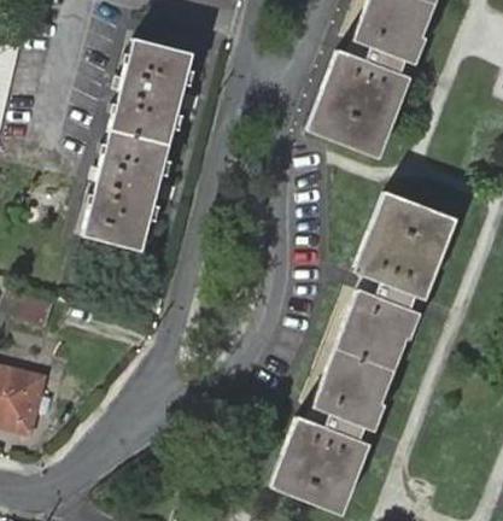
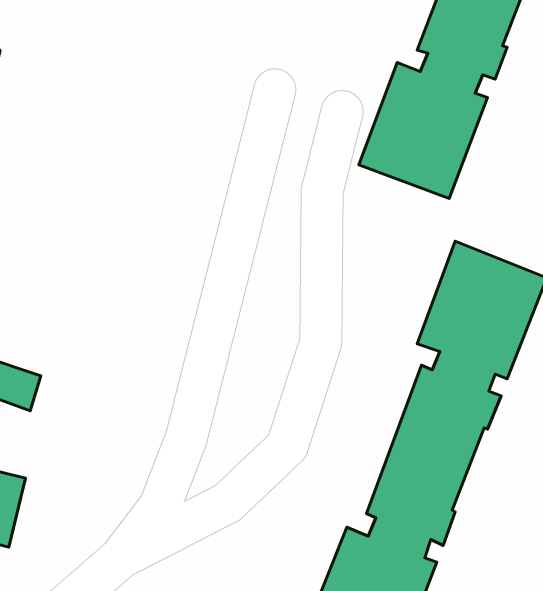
building: [81,40,192,252] -> none

